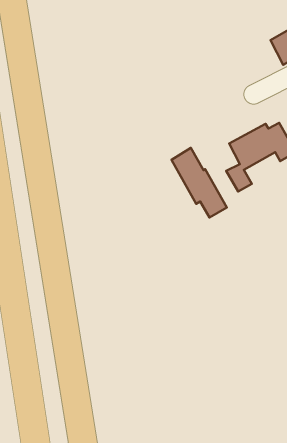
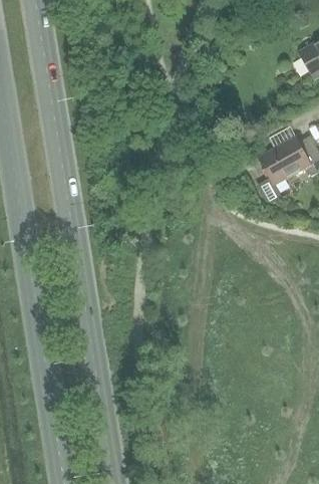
building: [172,148,227,218] -> none

